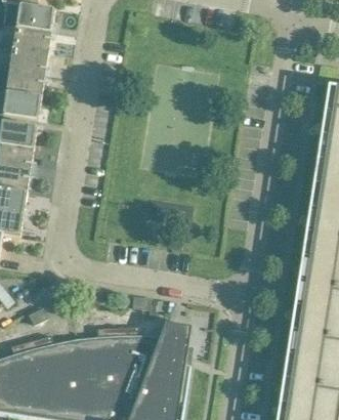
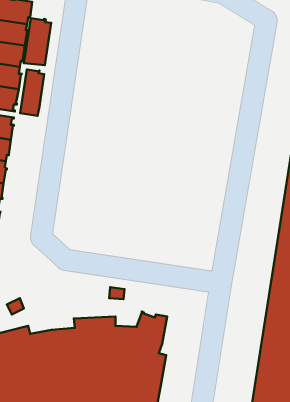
building: none -> [24,18,51,65]
building: none -> [20,69,44,116]

